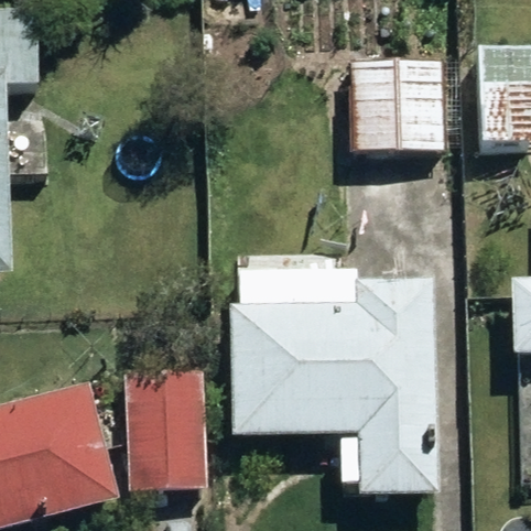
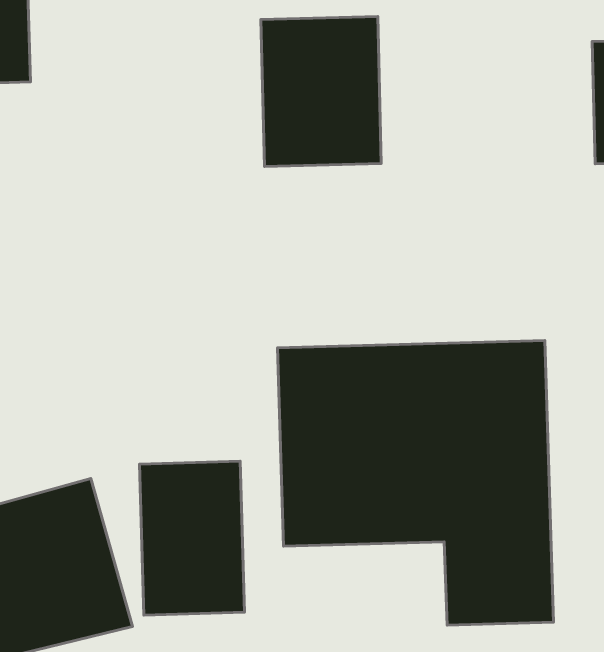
building: none -> [261,17,381,166]
building: [348,54,442,151] -> none

